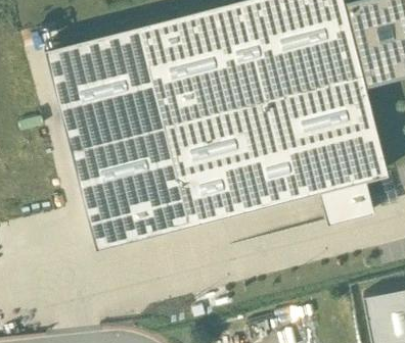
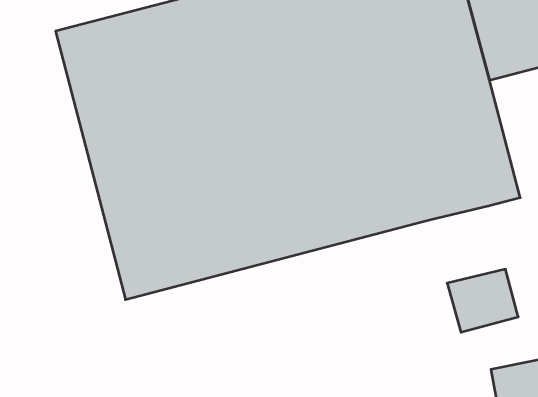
building: [321,180,373,226] -> [447,269,518,332]

